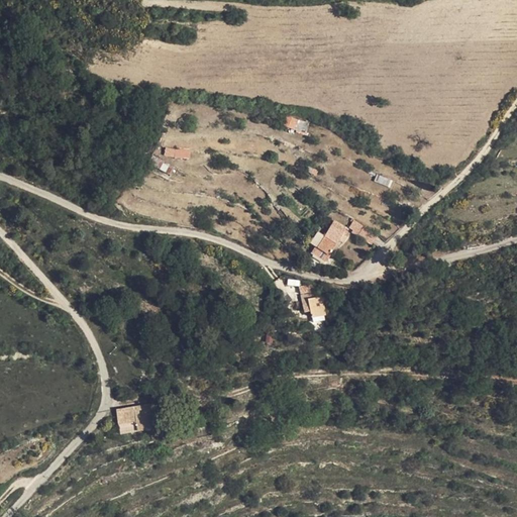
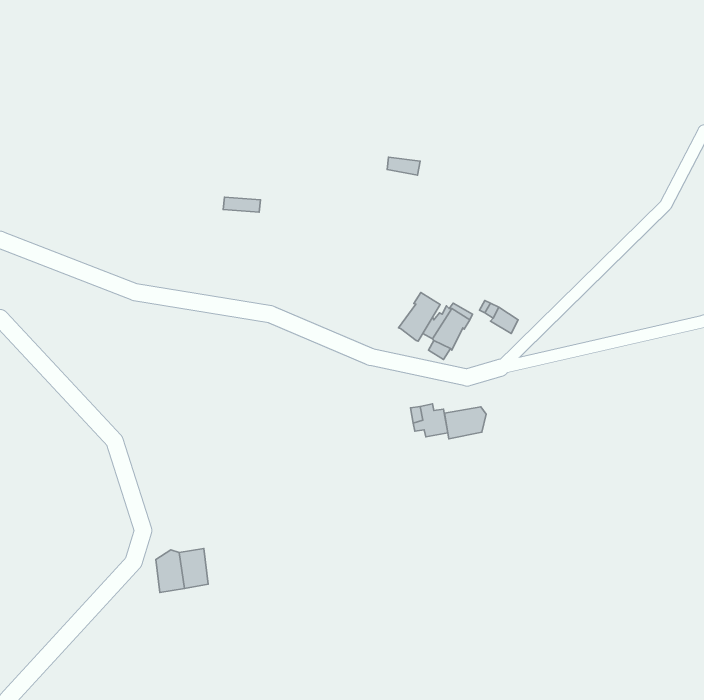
building: none -> [398,293,440,341]
building: none -> [445,407,486,439]

